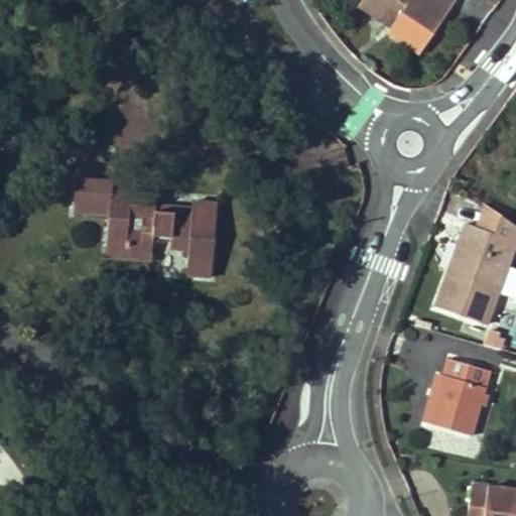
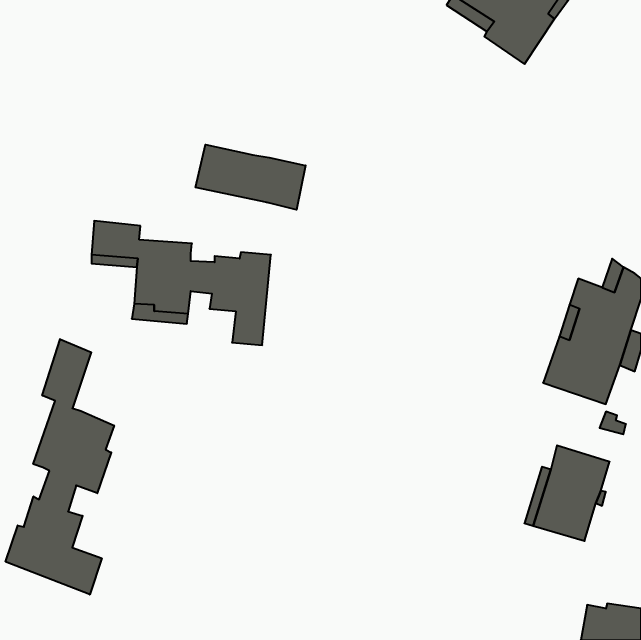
building: none -> [196,145,306,210]
building: none -> [6,339,114,595]

